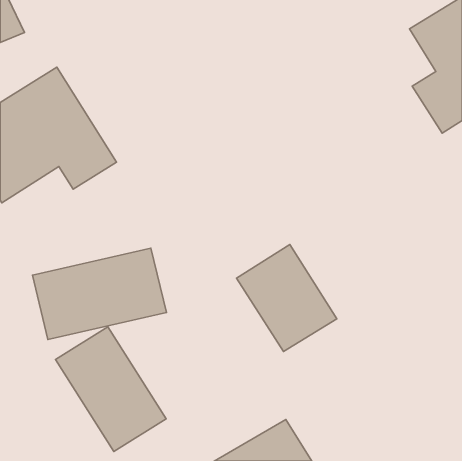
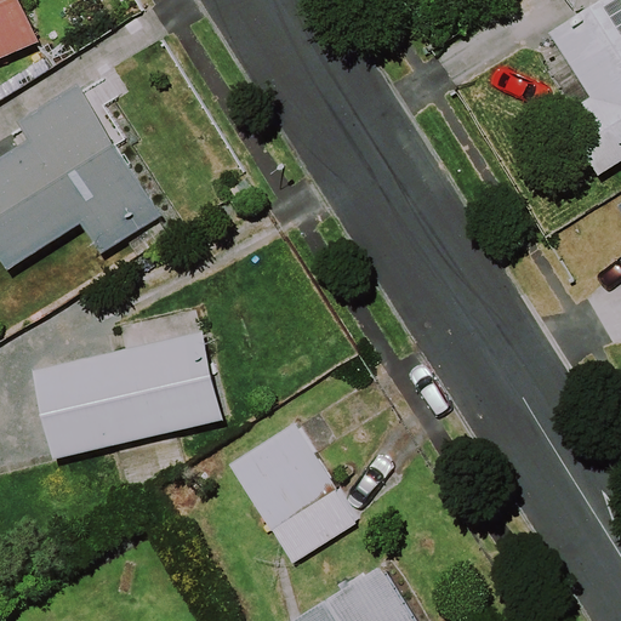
building: [236,245,337,351] -> [226,420,360,563]
building: [56,327,166,452] -> none

